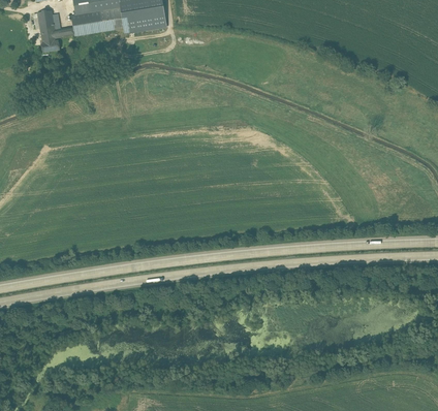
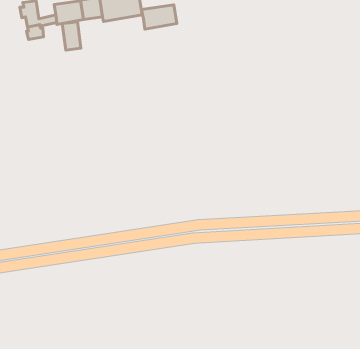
building: none -> [141,5,177,29]
building: none -> [62,21,81,50]

